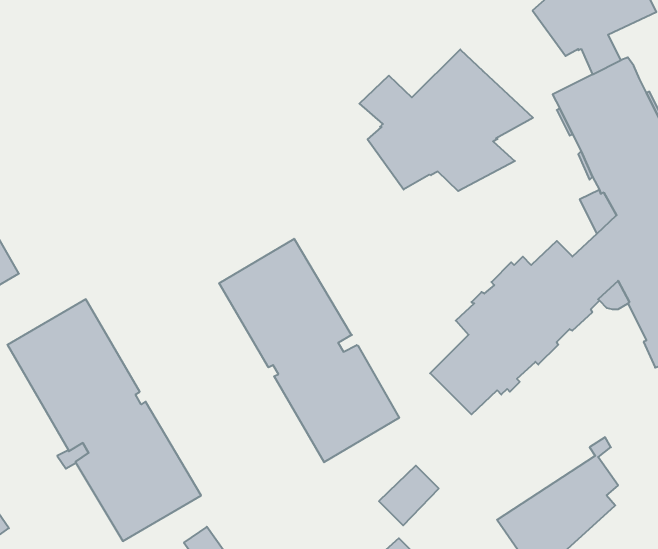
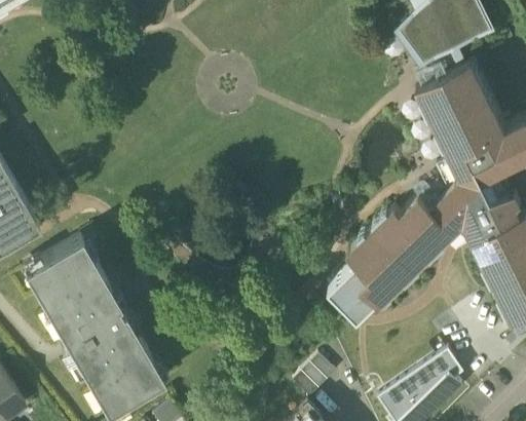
building: [359,49,533,191] -> none
building: [219,239,399,462] -> none

